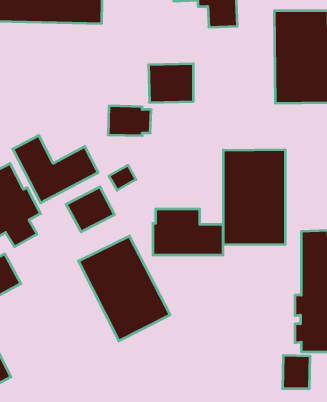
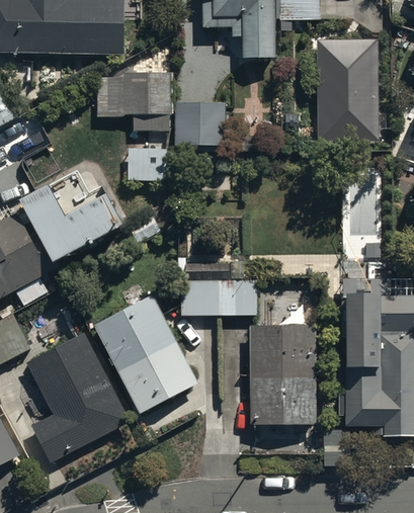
building: none -> [97,72,169,132]
building: [223,150,285,245] -> none
building: [66,187,114,232] -> none
building: none -> [251,324,318,423]
building: none -> [26,333,130,461]

